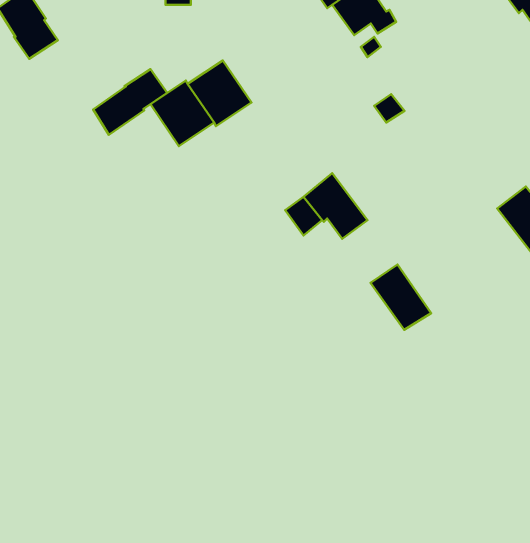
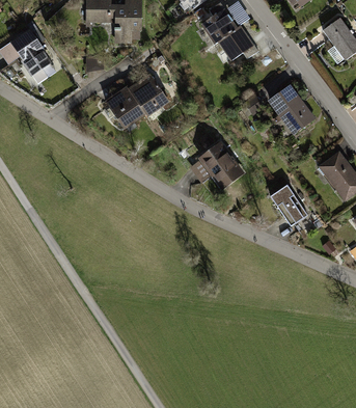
building: [93,69,167,135] -> none
building: none -> [271,86,313,130]
building: [370,264,431,330] -> [271,185,308,225]

